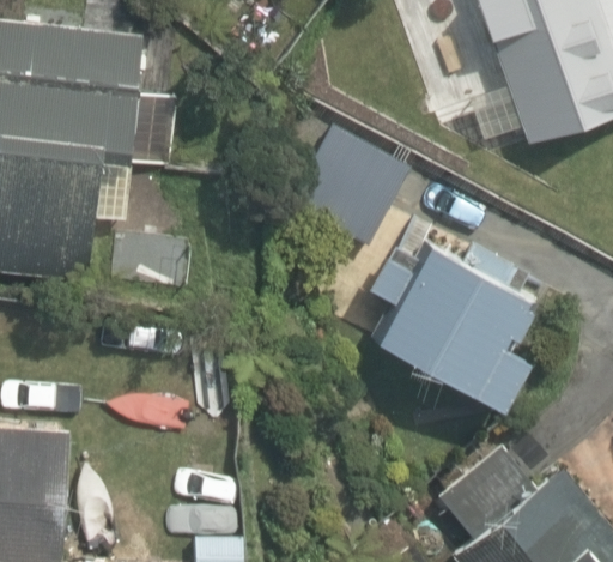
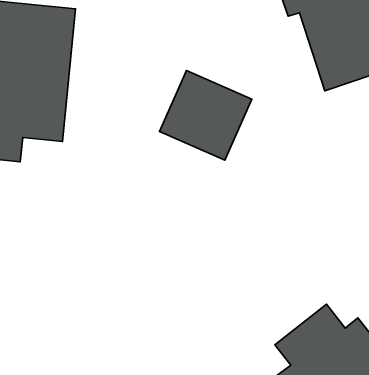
building: [366,237,530,410] -> none

